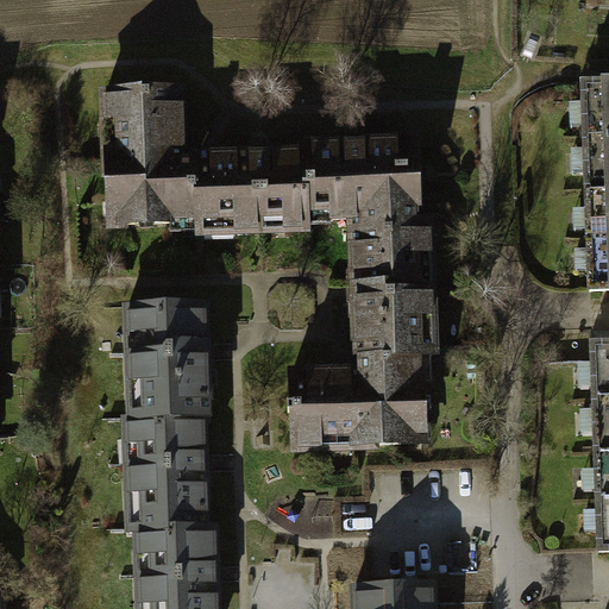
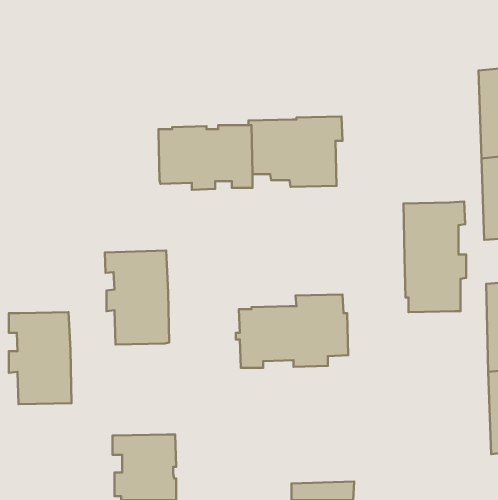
building: [107,92,196,226] -> none
building: [356,225,432,359] -> [404,202,466,312]
building: [130,417,206,529] -> [9,312,71,404]

